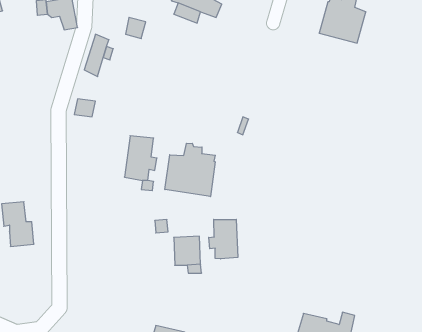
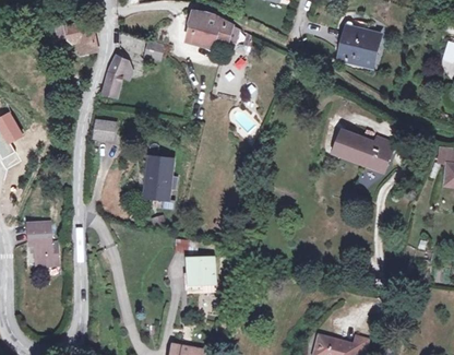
building: none -> [336,129,394,167]
building: [165,143,215,197] -> none
building: [209,219,238,259] -> none

